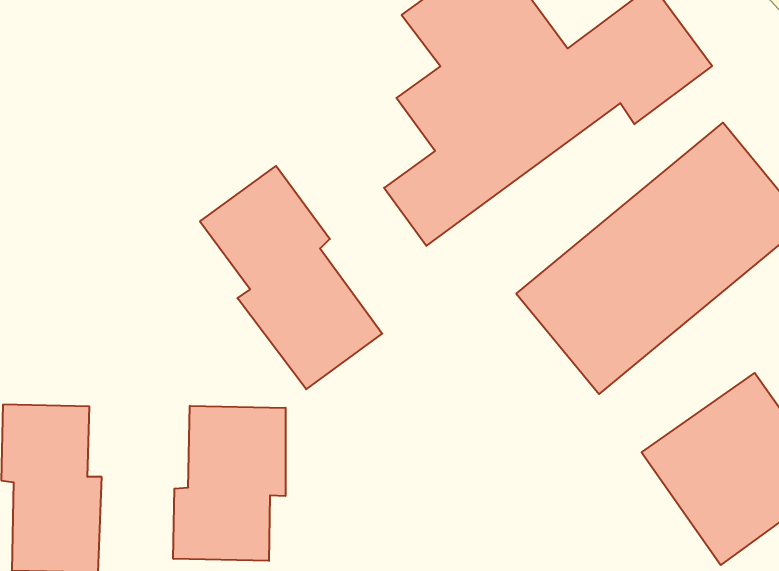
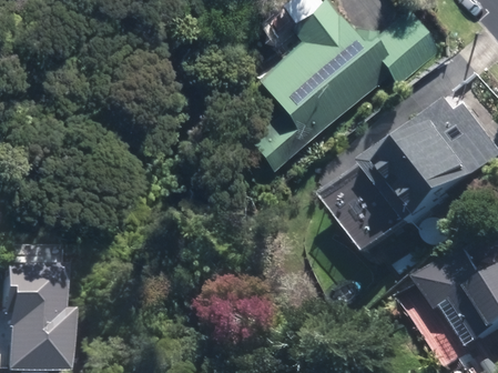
building: [200,166,382,389] -> none
building: [173,406,286,561] -> none

